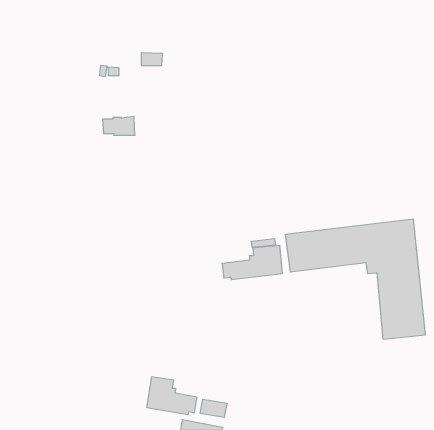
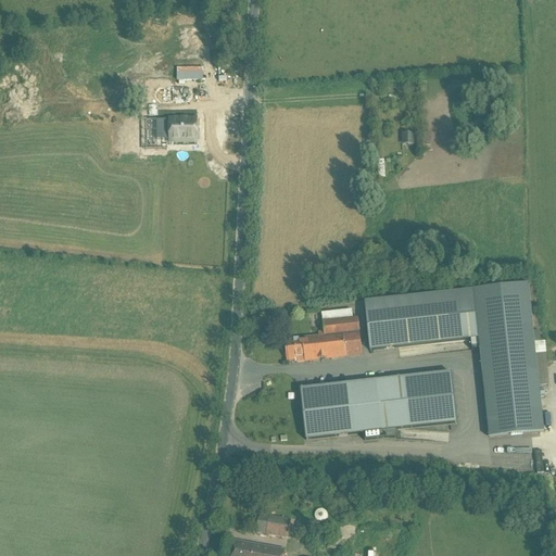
building: [103,117,135,135] -> [155,113,197,137]
building: none -> [299,368,456,437]
building: [147,377,197,415] -> none

